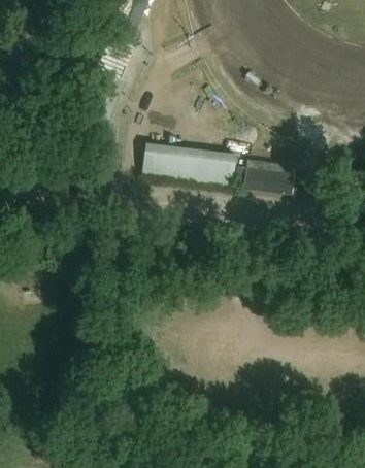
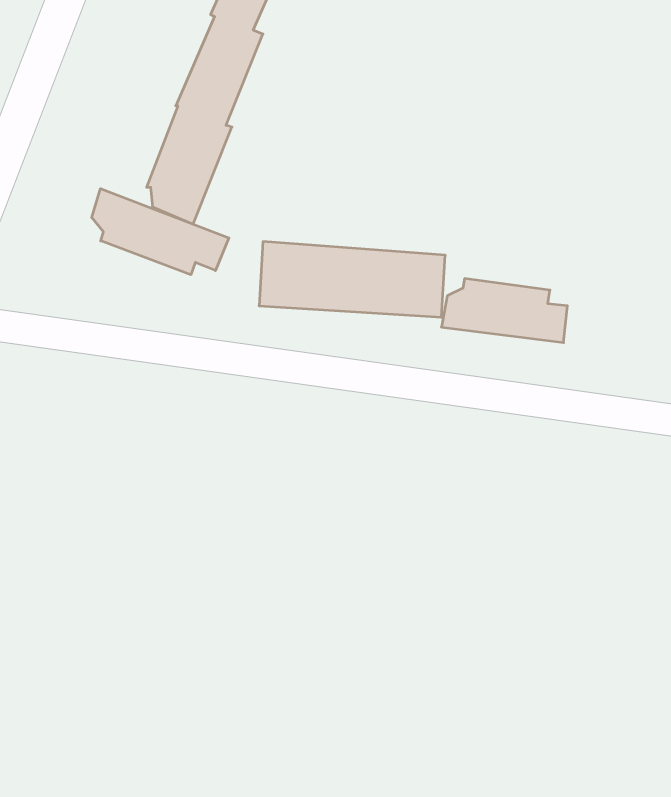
building: none -> [92,189,229,275]

